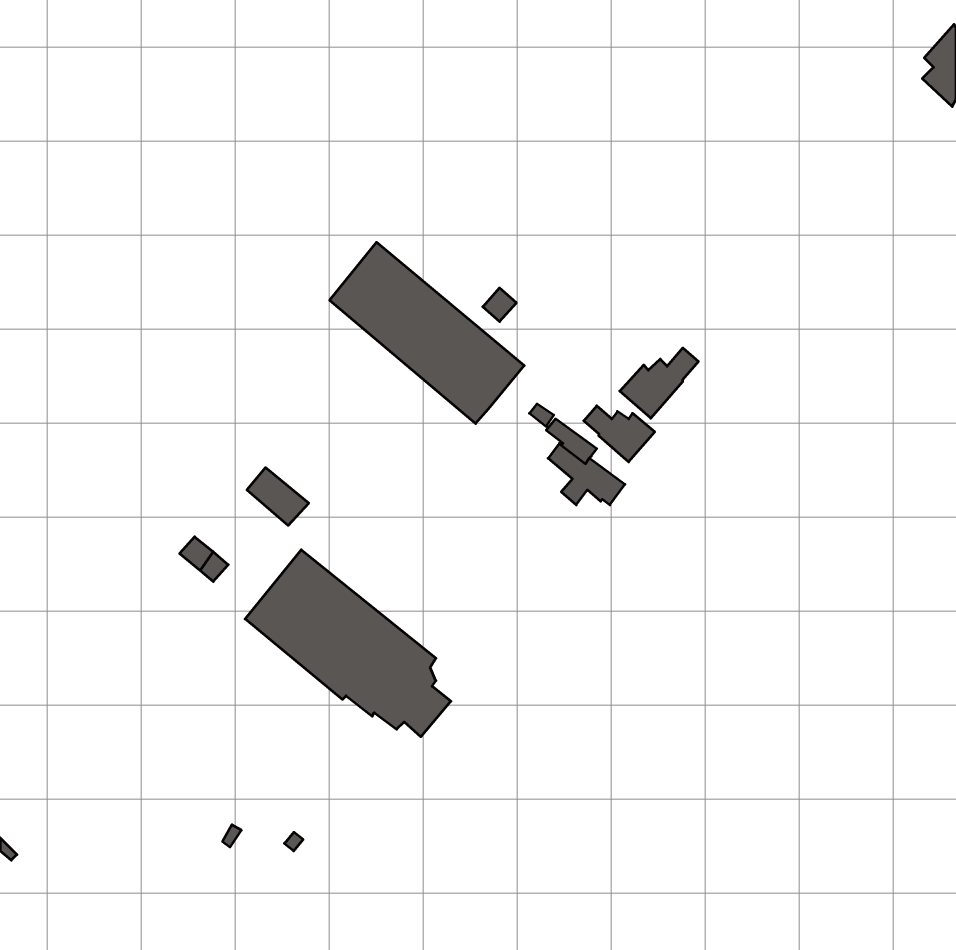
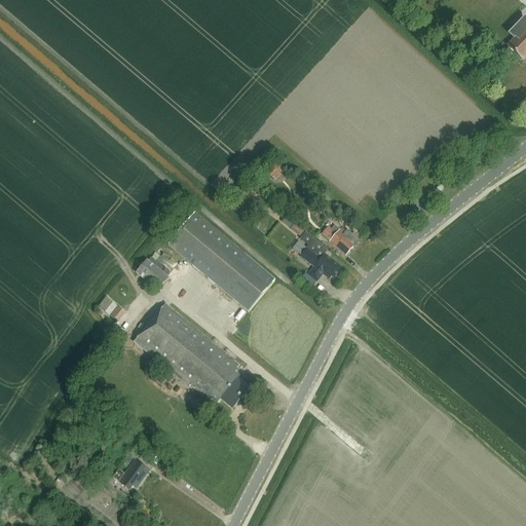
building: [330,242,524,424] -> [170,212,276,311]
building: [620,348,698,418] -> none
building: none -> [113,458,149,487]

